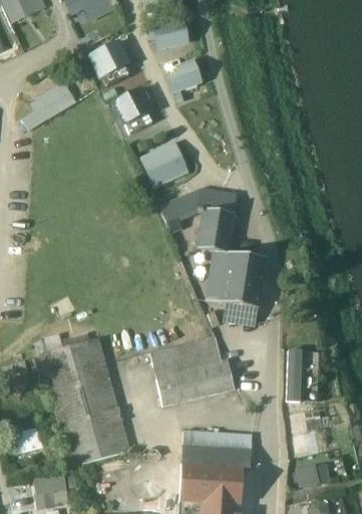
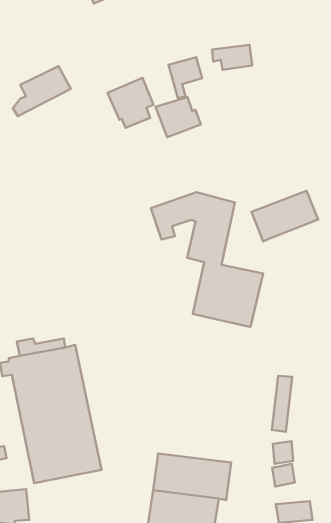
building: [145,22,184,47] -> [212,45,252,70]
building: [87,39,130,84] -> none
building: [140,147,184,185] -> [155,97,201,137]
building: none -> [251,191,318,242]
building: [221,302,257,326] -> none
building: [149,336,234,407] -> none

